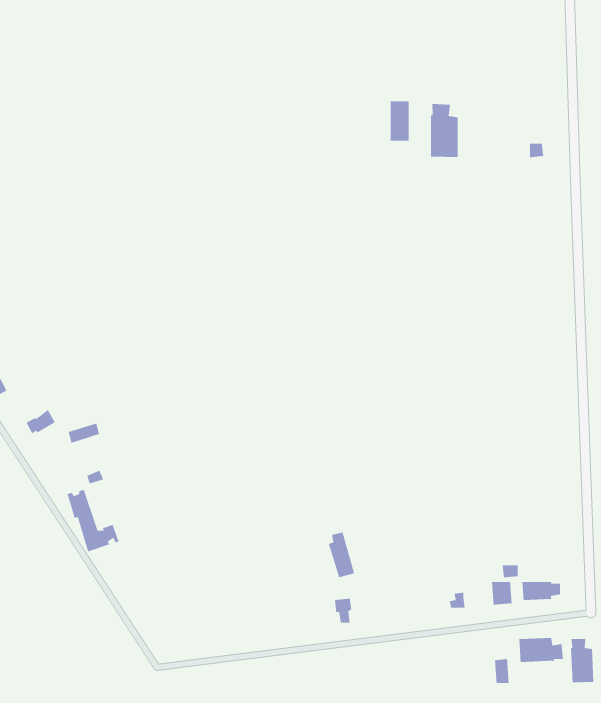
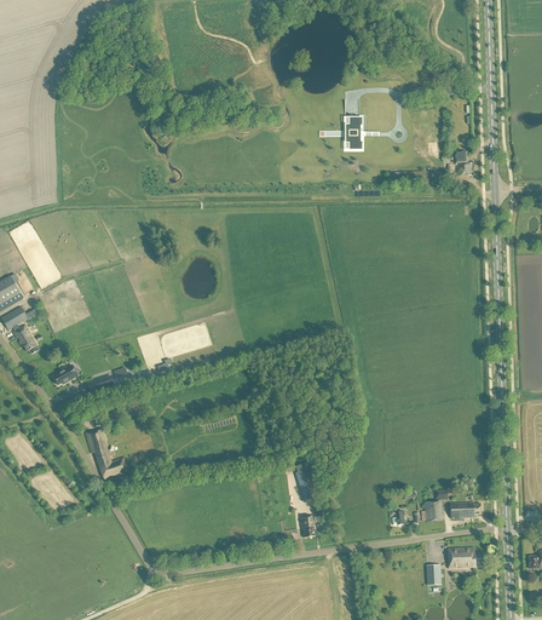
building: [430,103,458,158] -> none
building: [570,638,594,683] -> none

